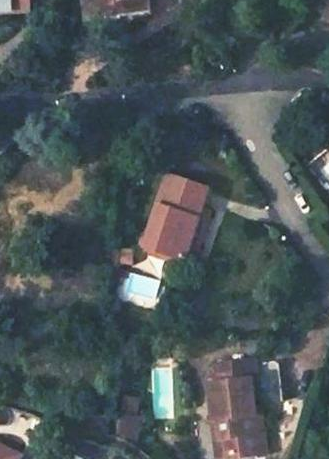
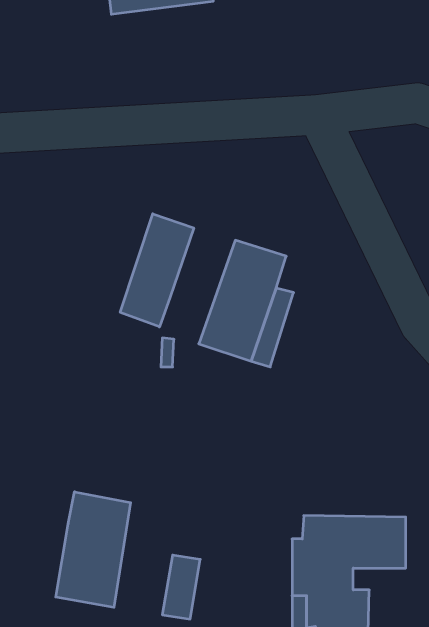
building: none -> [120,214,194,327]
building: none -> [56,492,131,607]

